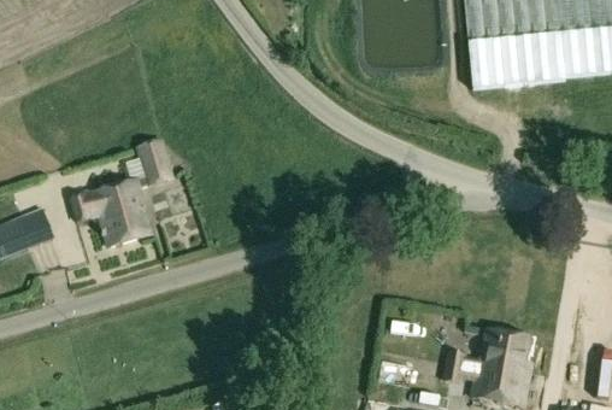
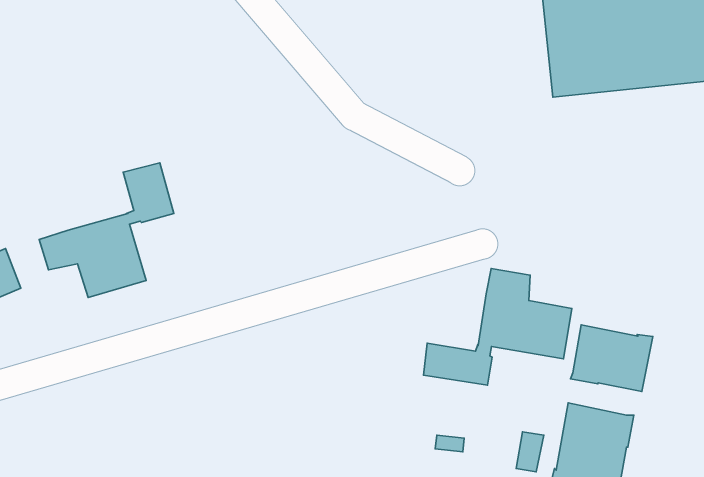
building: none -> [423,268,572,385]
building: none -> [571,325,653,392]

